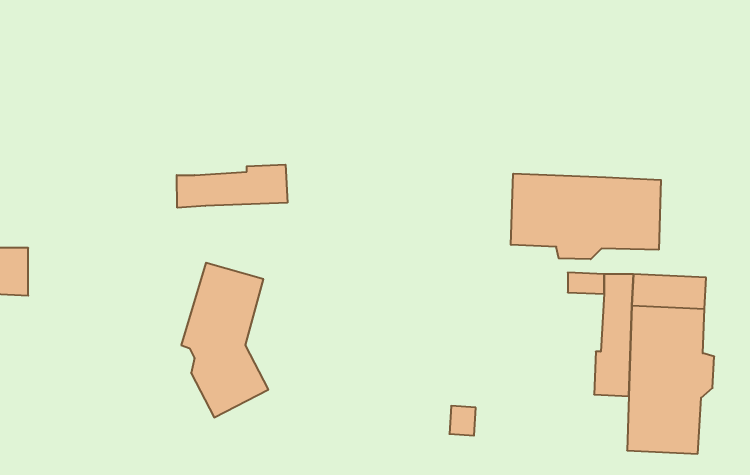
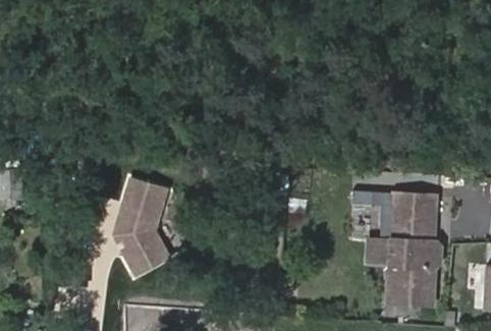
building: [177,165,287,208] -> none
building: [511,174,661,259] -> none

